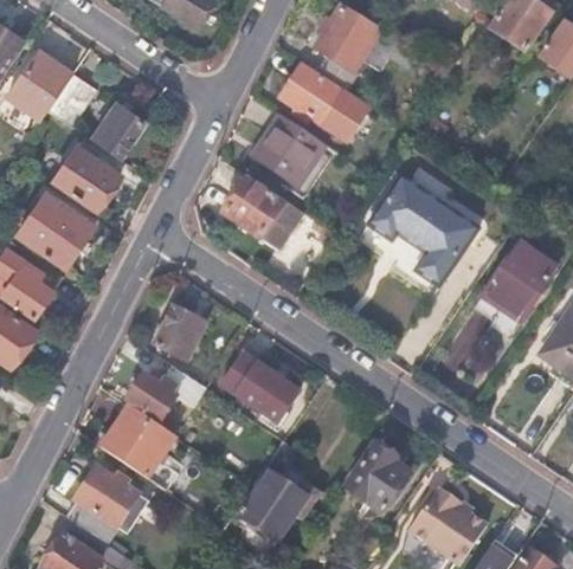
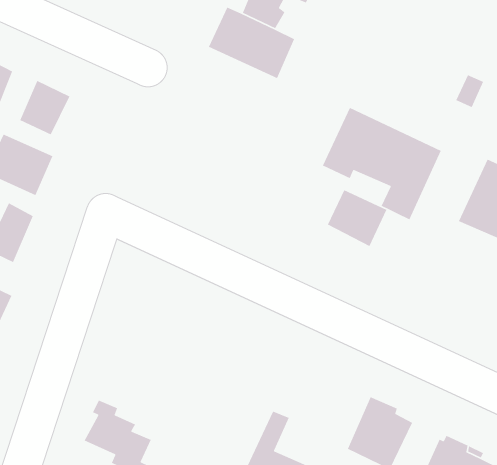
building: [252,114,326,188] -> none
building: [225,180,303,250] -> none
building: none -> [327,189,388,247]
building: [155,308,204,360] -> none
building: [218,351,296,421] -> none
building: [127,366,202,418] -> none

